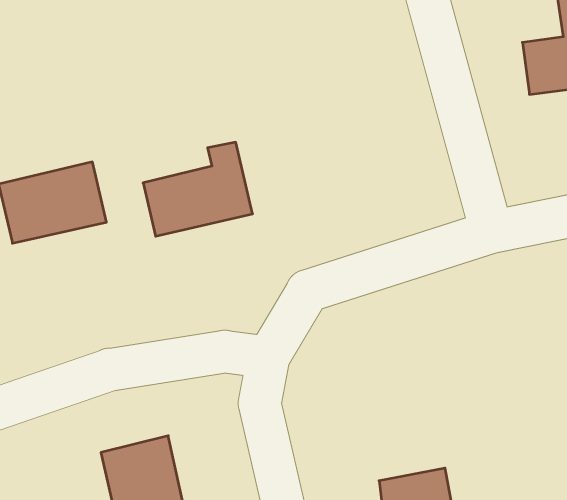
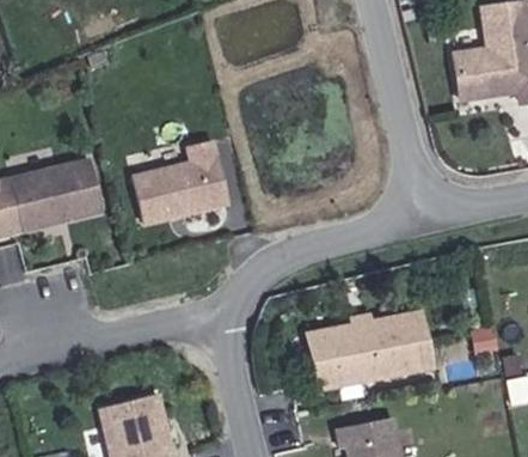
building: none -> [307,312,428,389]

